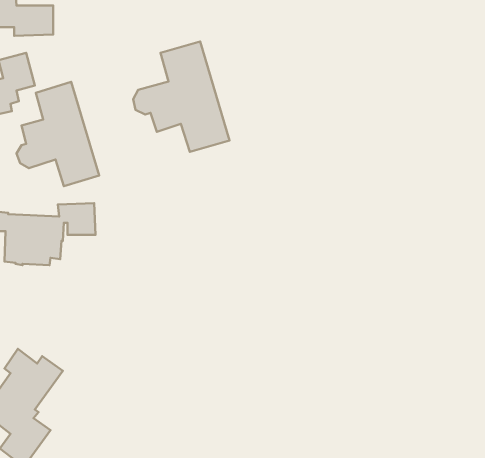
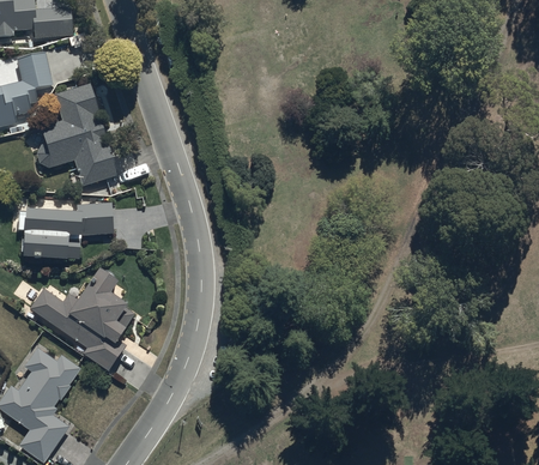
building: [133,41,230,152] -> none
building: none -> [29,272,134,372]

